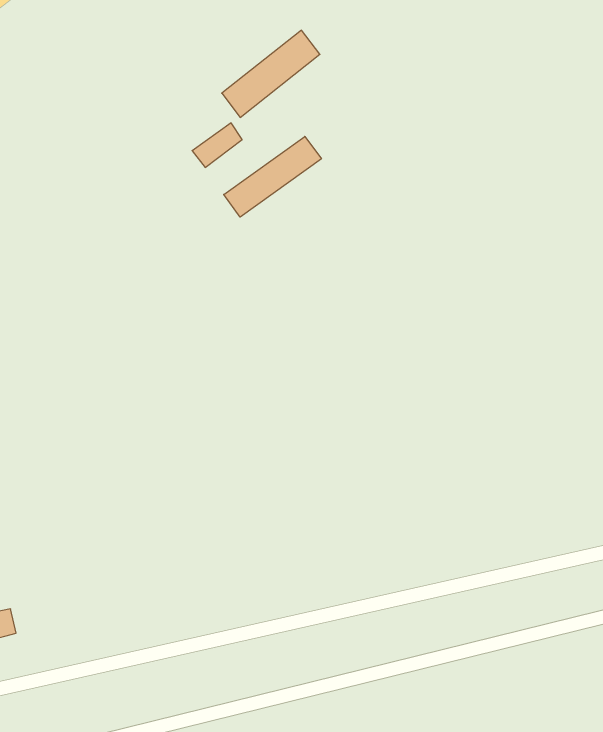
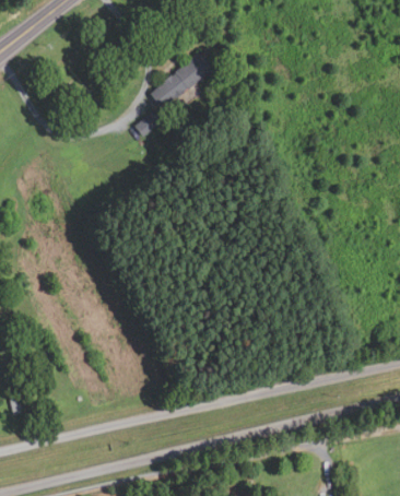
building: [224,136,321,217] -> none

